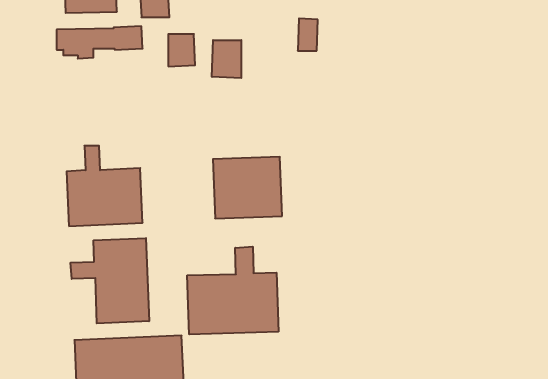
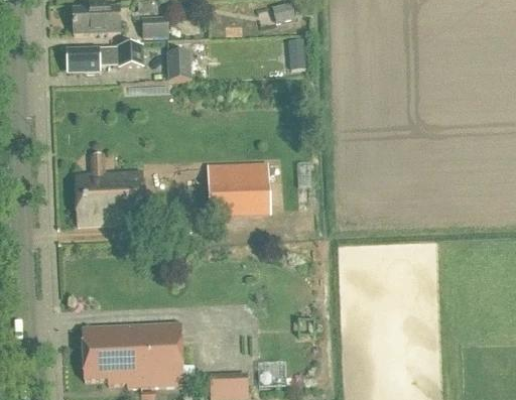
building: [212,40,241,78] -> none
building: [71,238,149,323] -> none
building: [187,247,278,334] -> none

